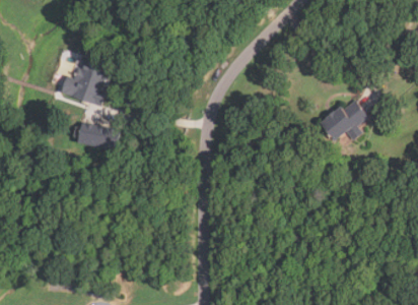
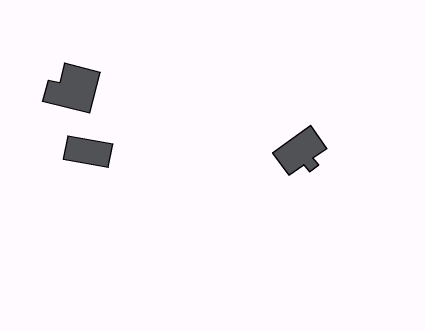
building: [318,98,365,141] -> [273,125,327,175]

